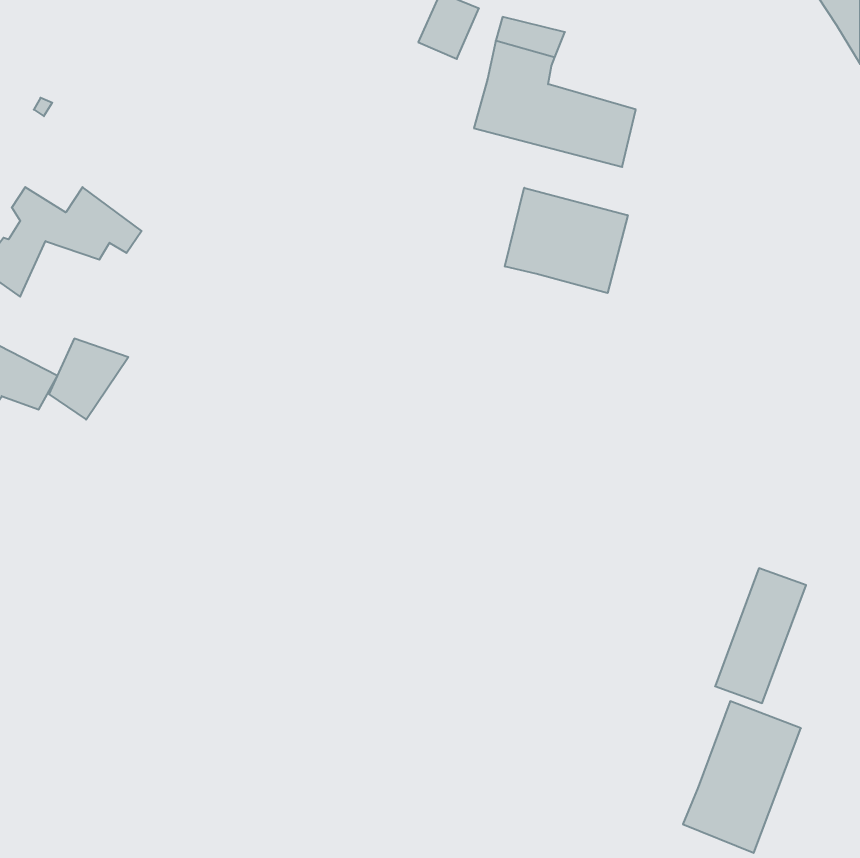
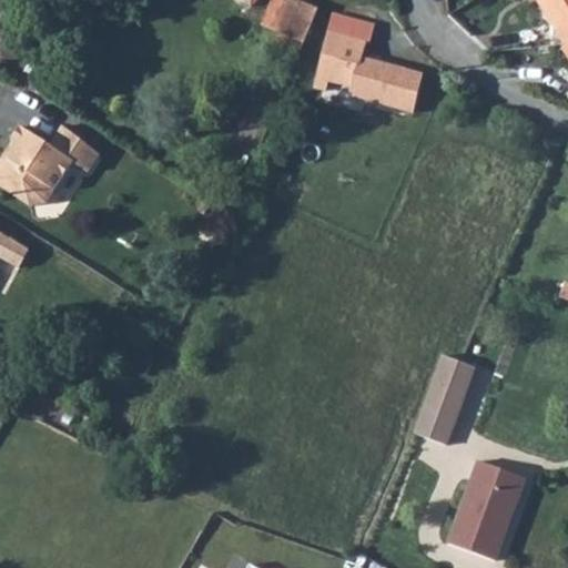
building: [505,188,628,293] -> none
building: [49,339,128,420] -> [13,159,65,212]
building: [715,568,806,703] -> [417,355,477,444]

